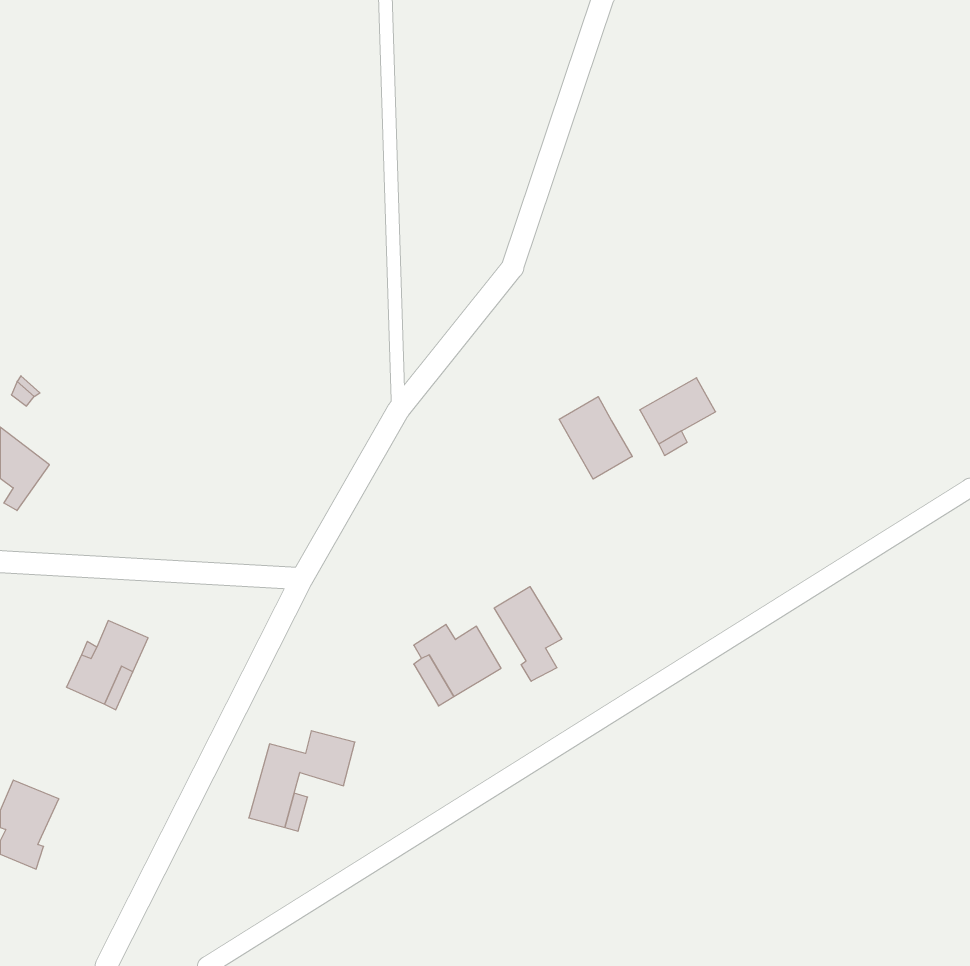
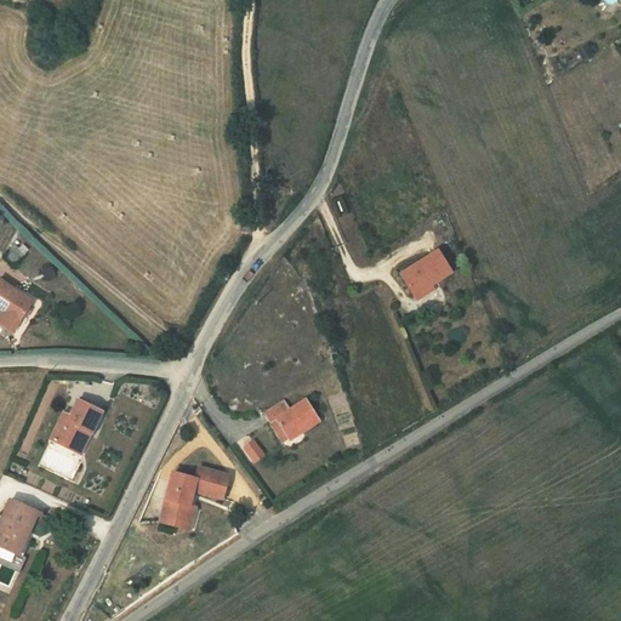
building: [559,397,632,479] -> none
building: [494,587,562,681] -> none

